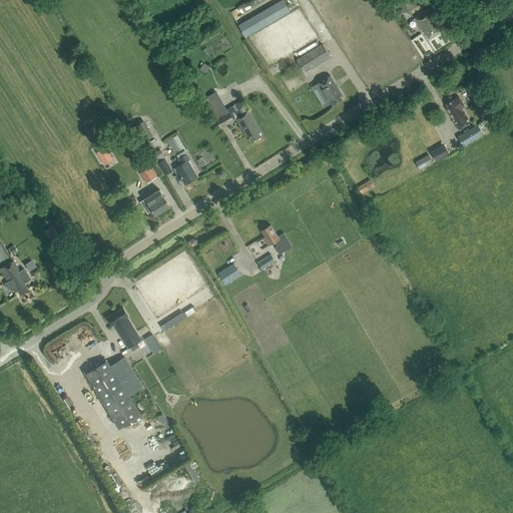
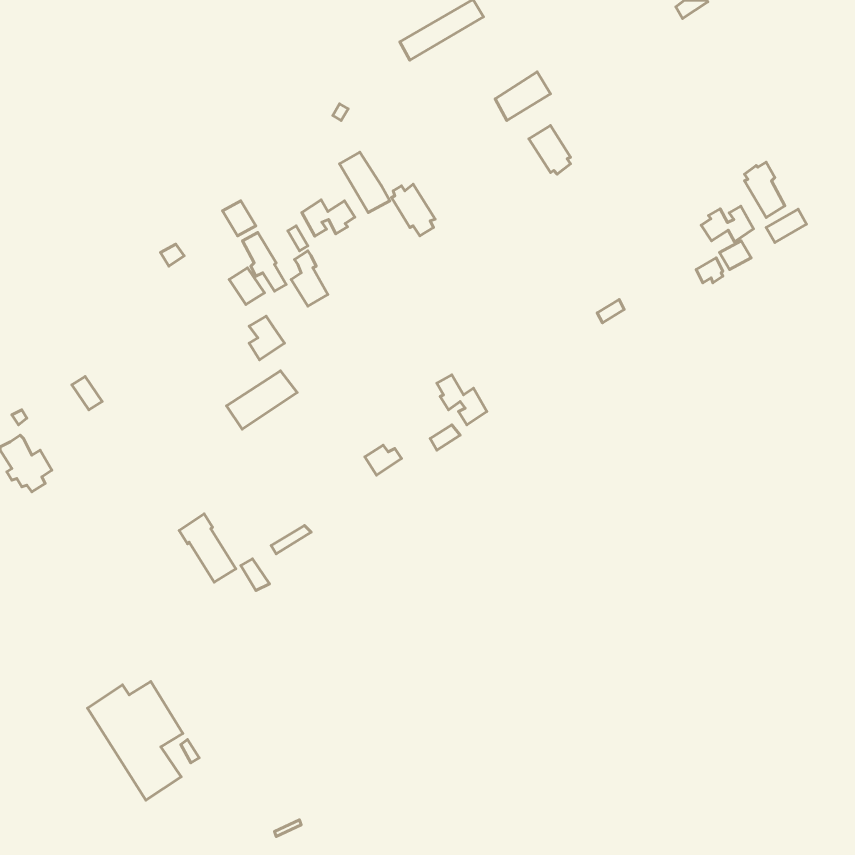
building: [414,9,441,38] -> none
building: none -> [302,200,355,236]
building: none -> [701,206,754,242]
building: none -> [227,371,297,429]
building: [85,358,142,429] -> [87,681,183,800]

